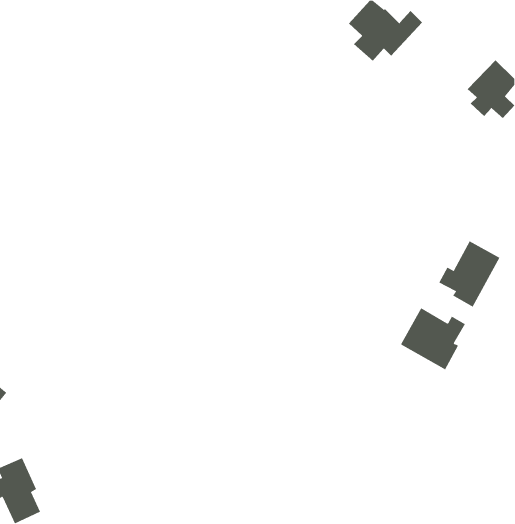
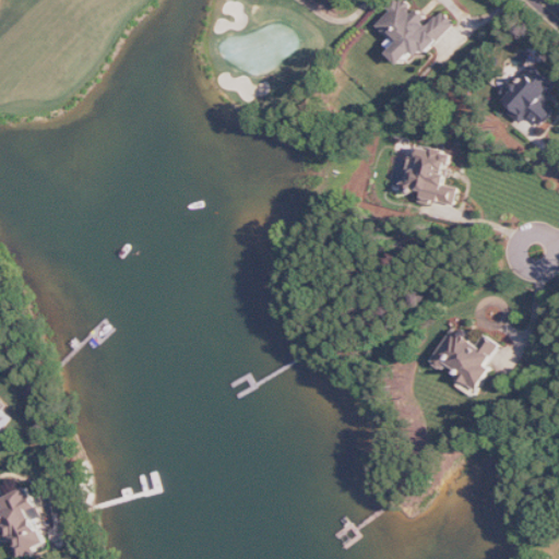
building: none -> [405,147,455,207]
building: [439,241,500,308] -> none

